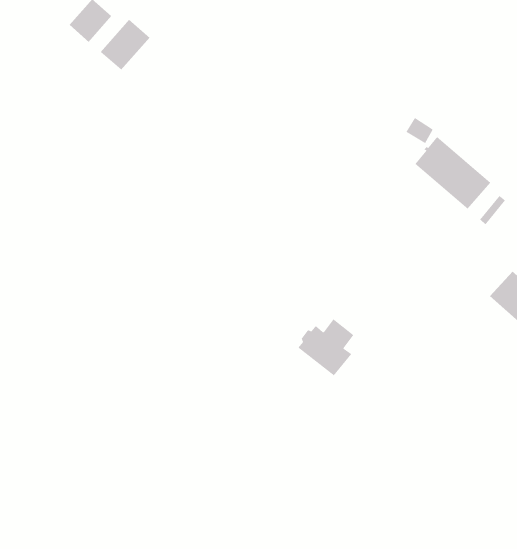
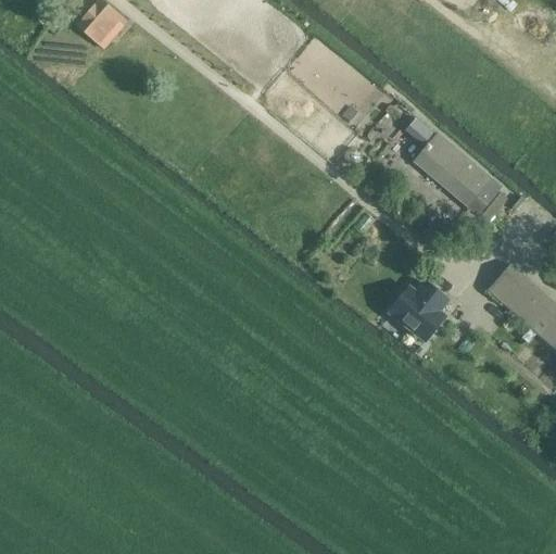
building: [100,19,150,71] -> none
building: [298,318,354,376] -> [392,284,447,340]

